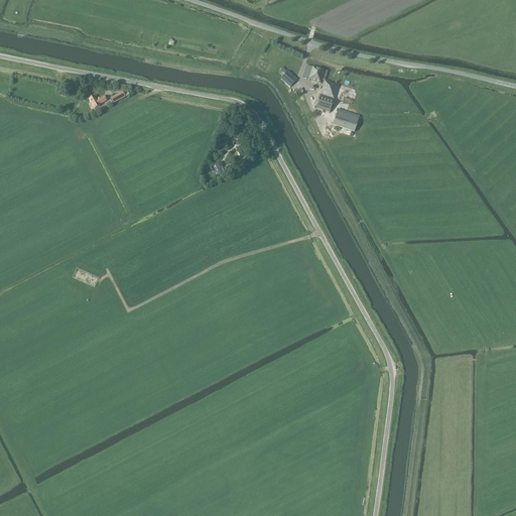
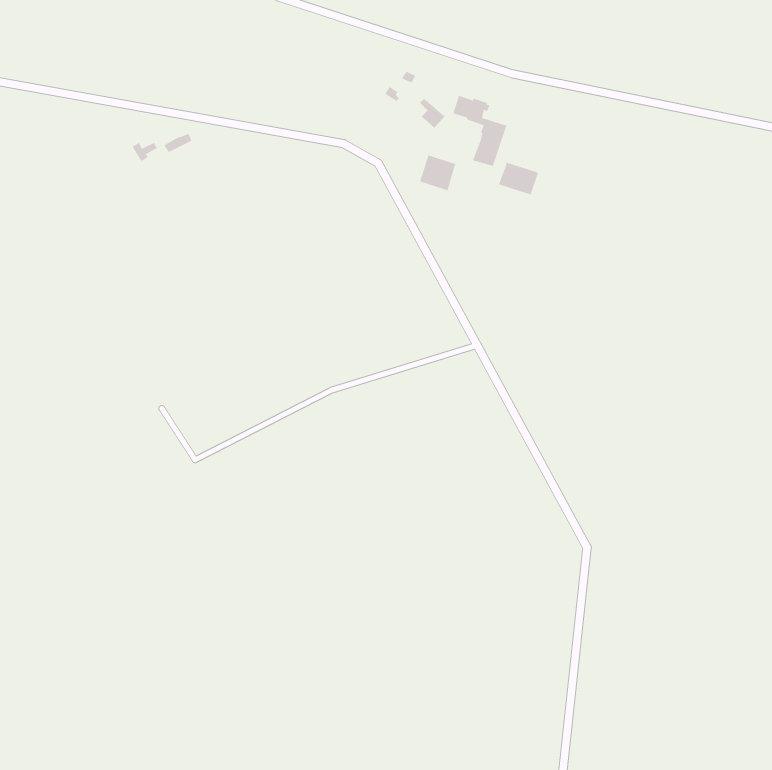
building: none -> [419,154,457,191]

